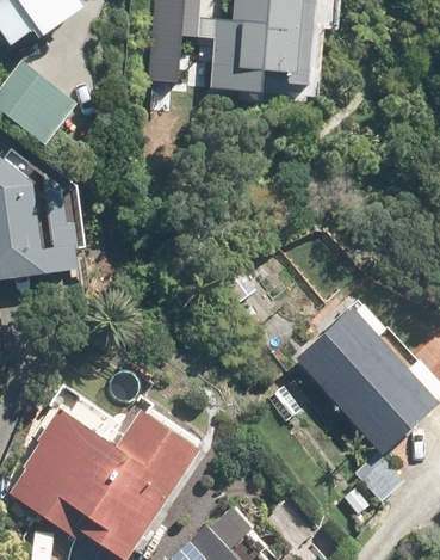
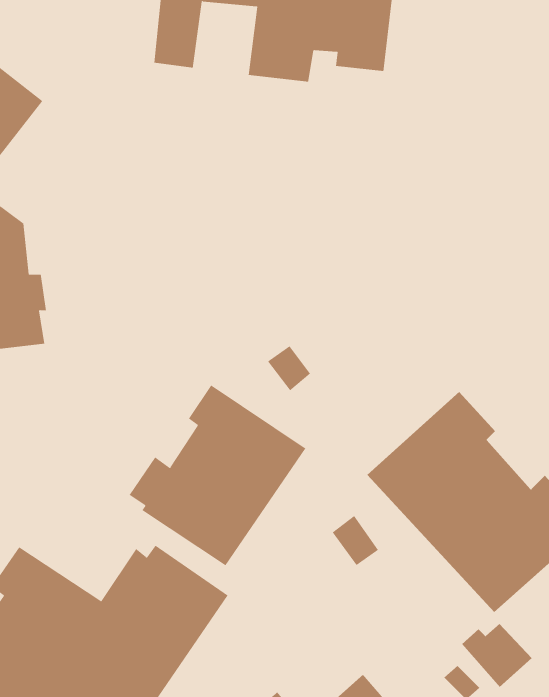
building: none -> [129,384,306,566]

